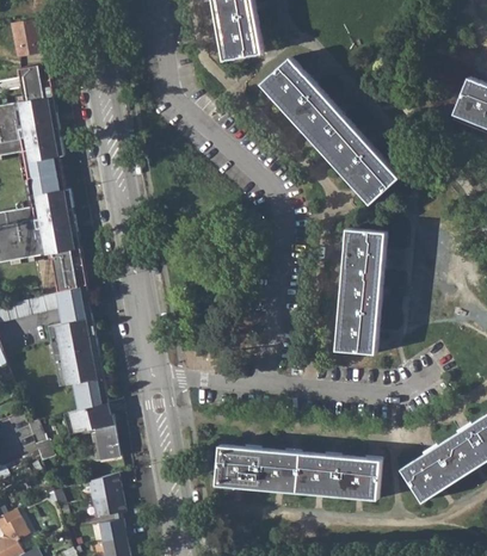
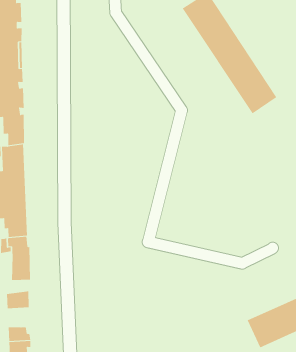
building: [334,229,384,354] -> none
building: [215,445,380,499] -> none
building: [93,493,125,515] -> none

